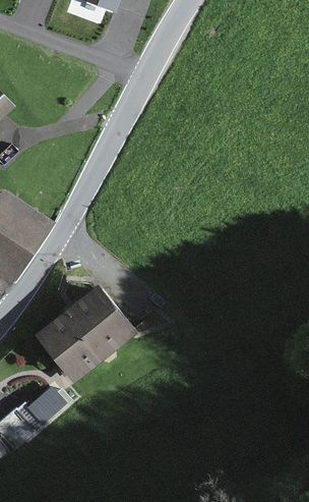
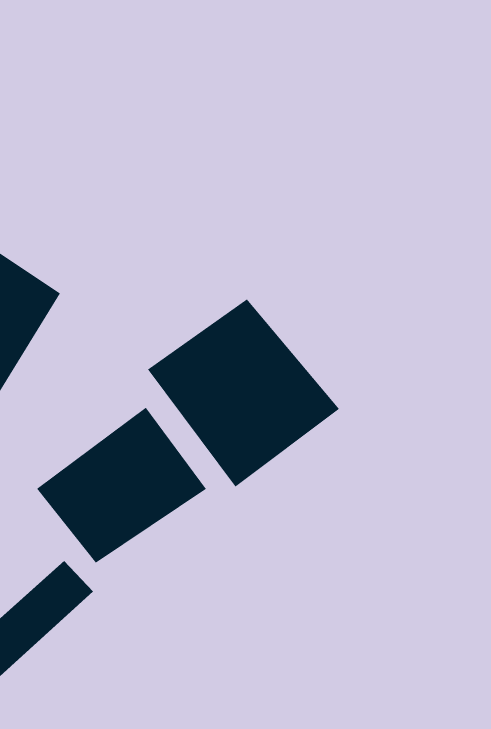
building: none -> [147,299,340,487]

